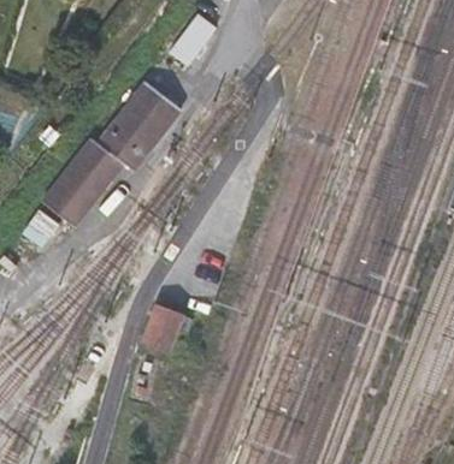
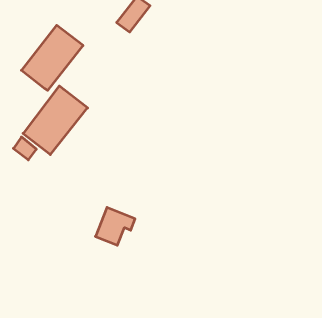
building: [96,81,181,169] -> [21,25,83,90]

